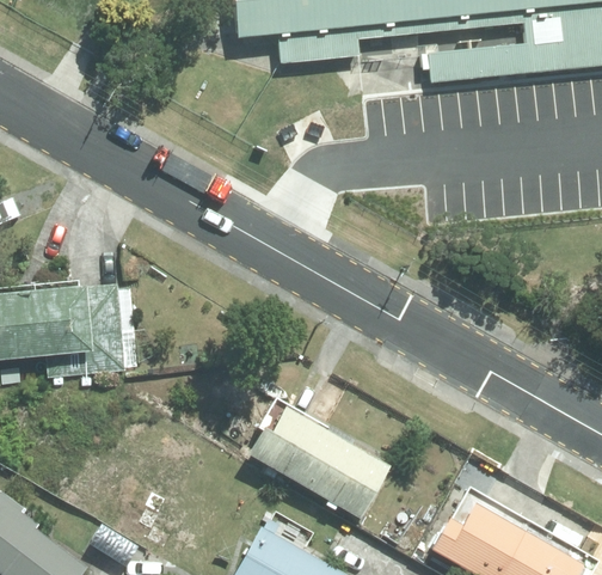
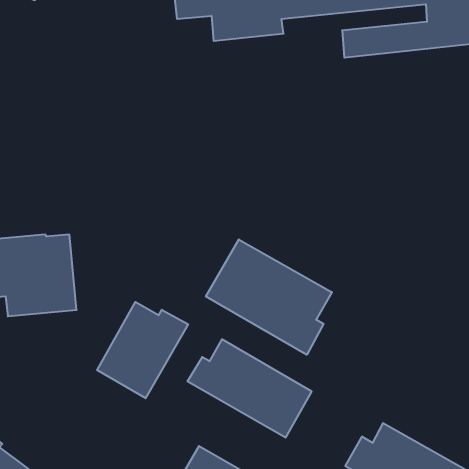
building: none -> [206,239,332,355]
building: none -> [97,302,188,398]

